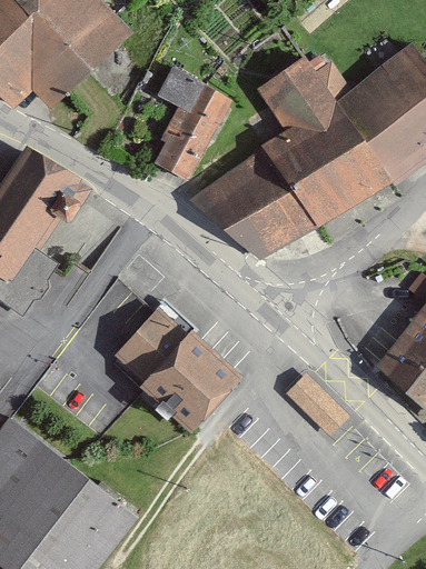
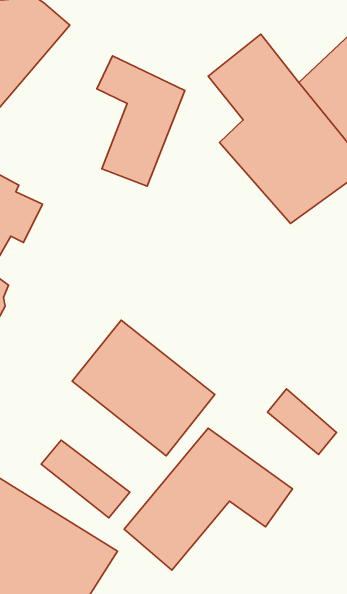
building: [189,148,319,262] -> none
building: none -> [124,428,293,570]
building: none -> [41,440,130,518]

